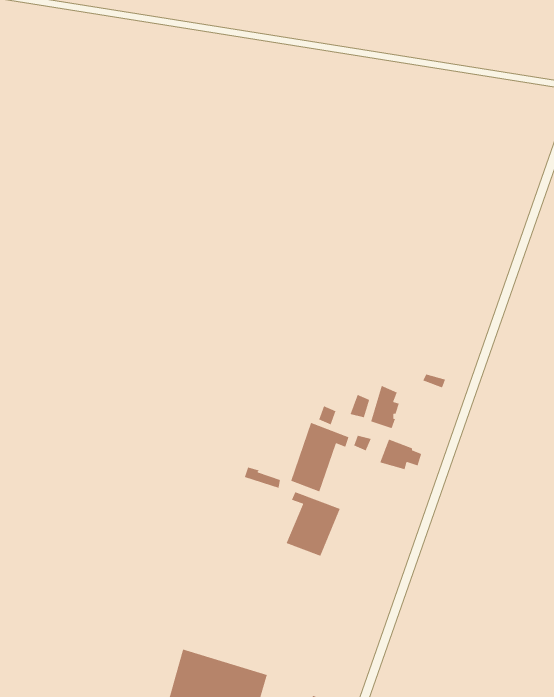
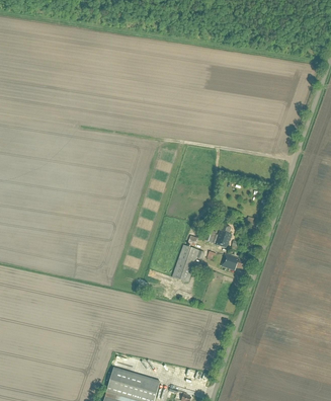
building: [286,491,341,557] -> none

